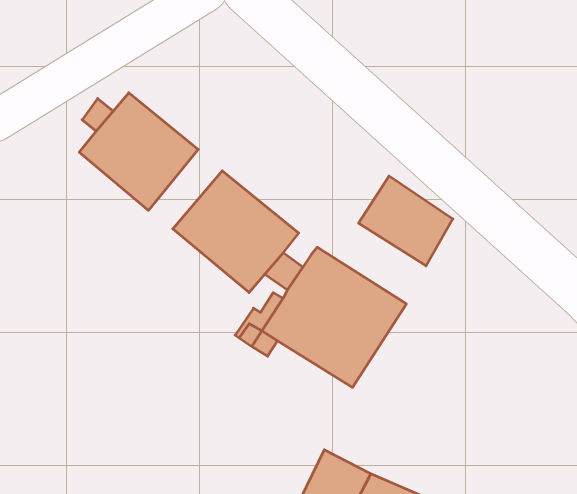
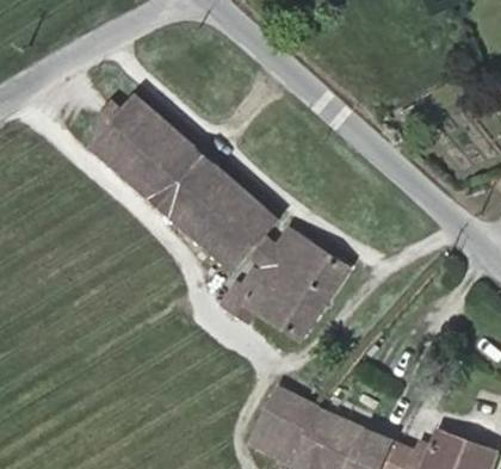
building: none -> [130,135,192,202]
building: [359,176,453,266] -> none

